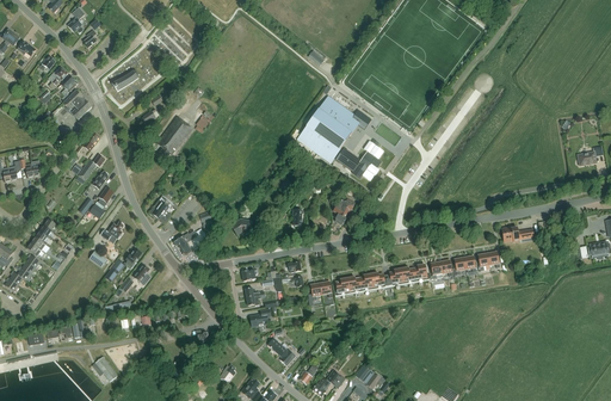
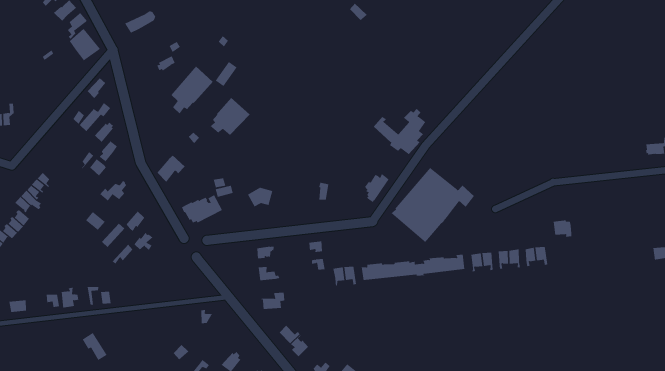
building: [297,97,370,164] -> [391,167,475,243]
building: none -> [209,97,250,136]

